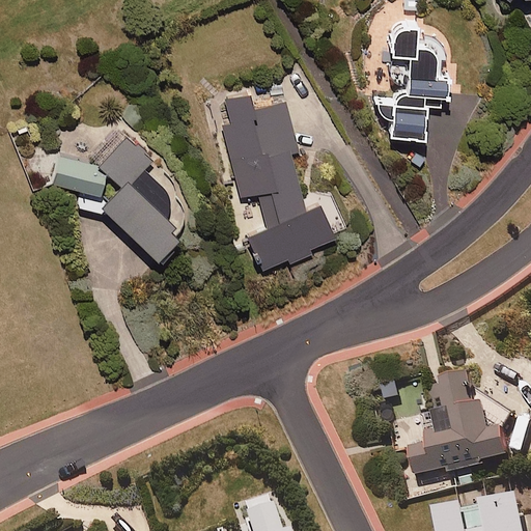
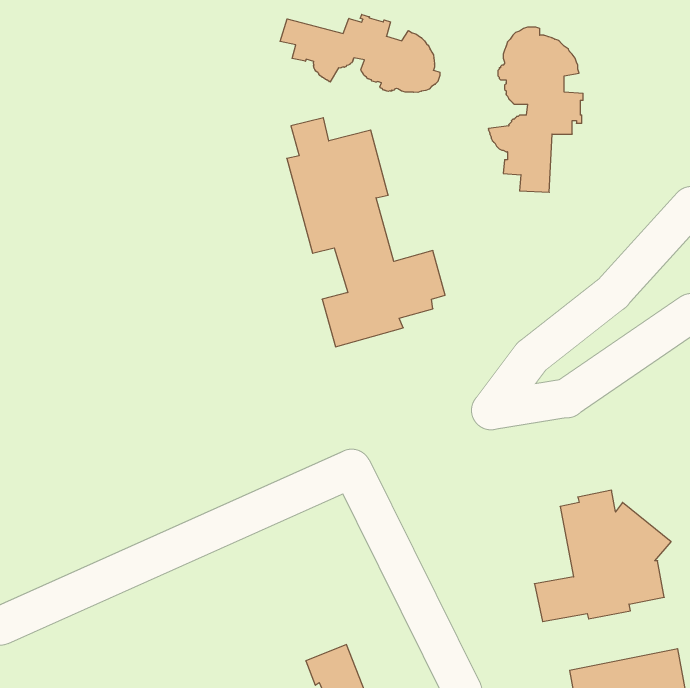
building: none -> [280,14,440,92]
building: [52,135,186,258] -> none

